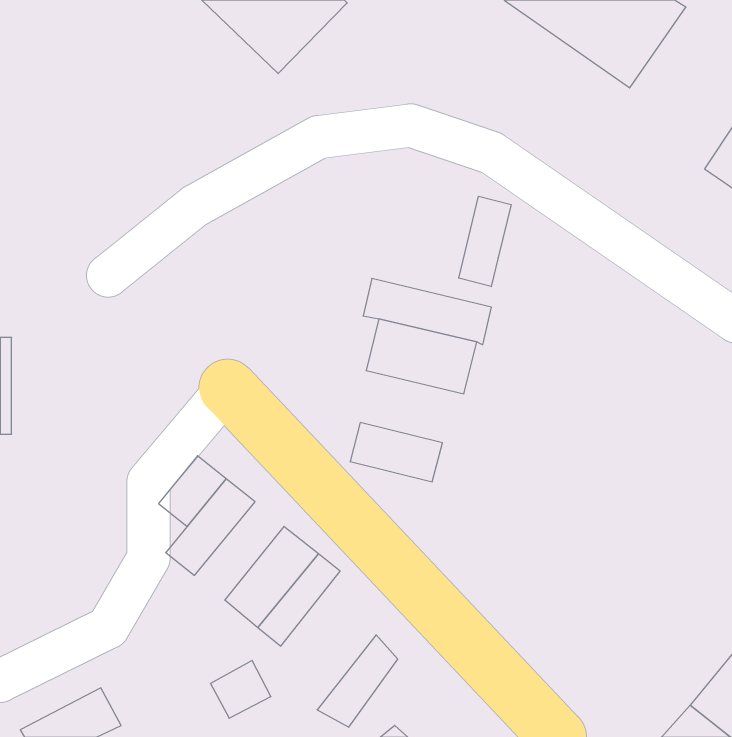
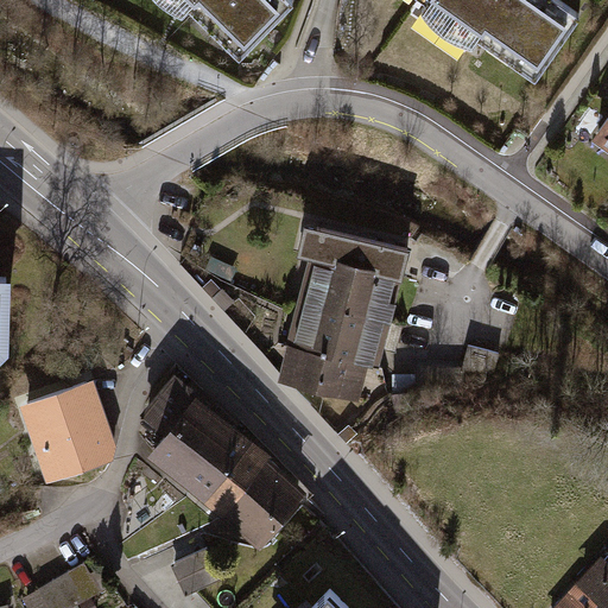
building: [459,196,511,287] -> none
building: none -> [296,305,386,366]
building: none -> [20,380,116,476]
building: none -> [164,413,238,494]
building: [317,635,398,727] -> [235,470,302,546]

